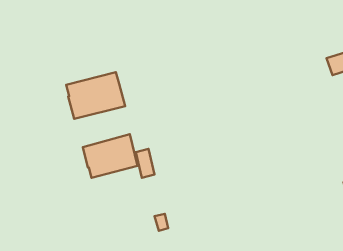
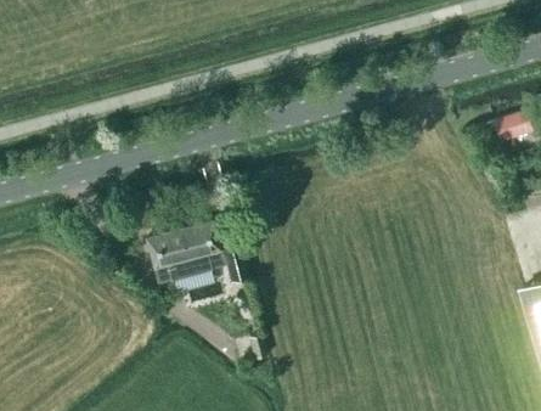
building: [66,72,125,119] -> none

